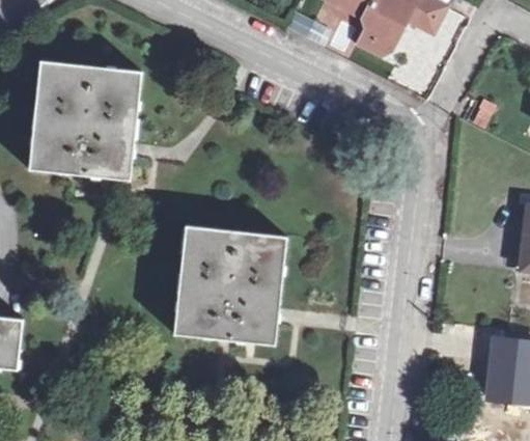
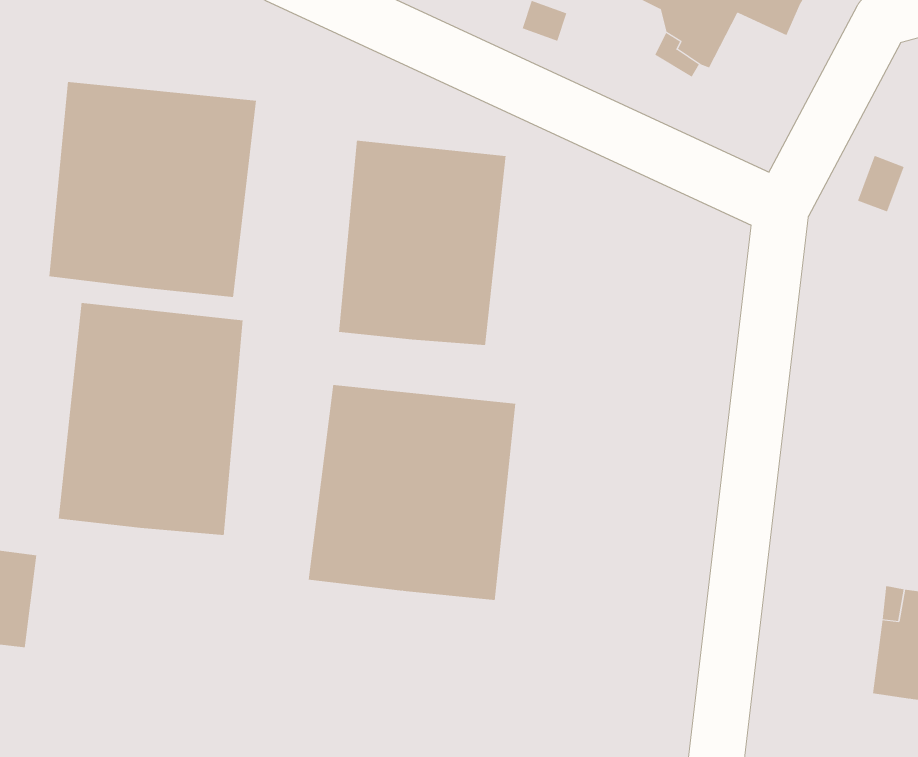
building: none -> [338,140,506,346]
building: none -> [58,302,243,536]

